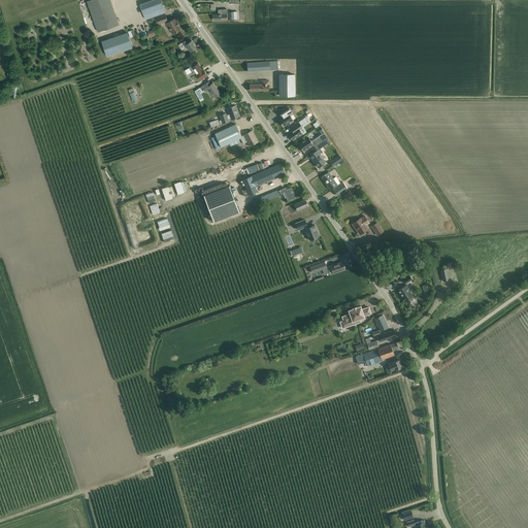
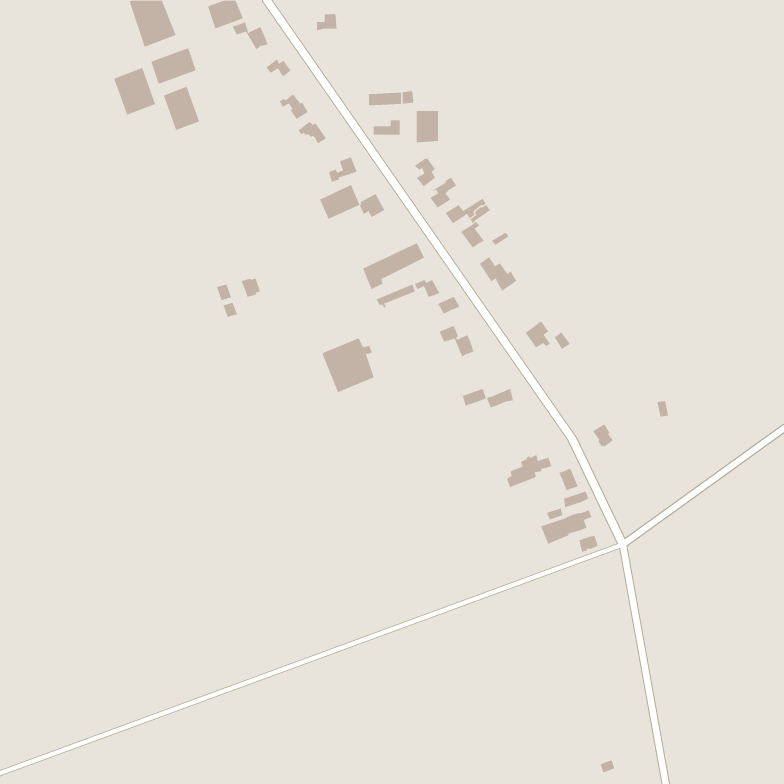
building: none -> [113,67,156,116]
building: none -> [163,86,200,131]
building: [204,185,239,222] -> [322,338,374,393]

